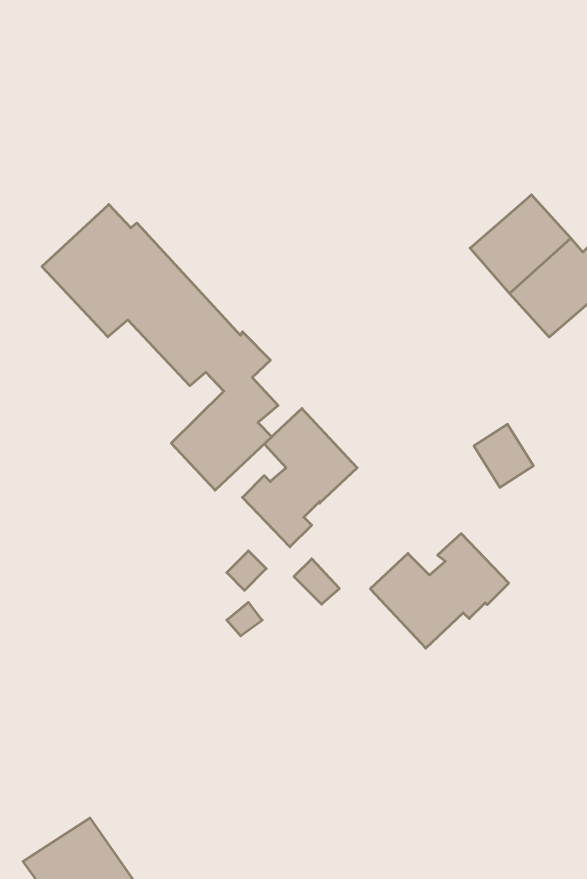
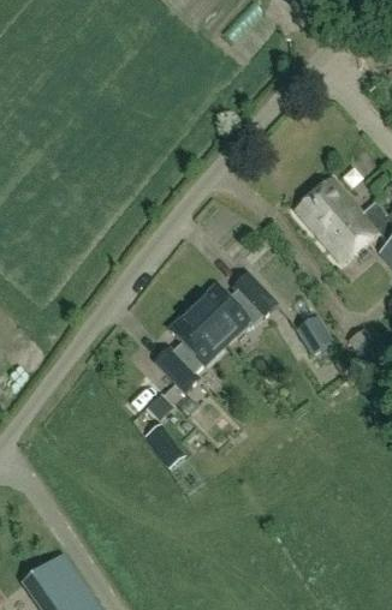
building: [42,204,278,490] -> none
building: [370,534,509,648] -> [191,273,275,342]

